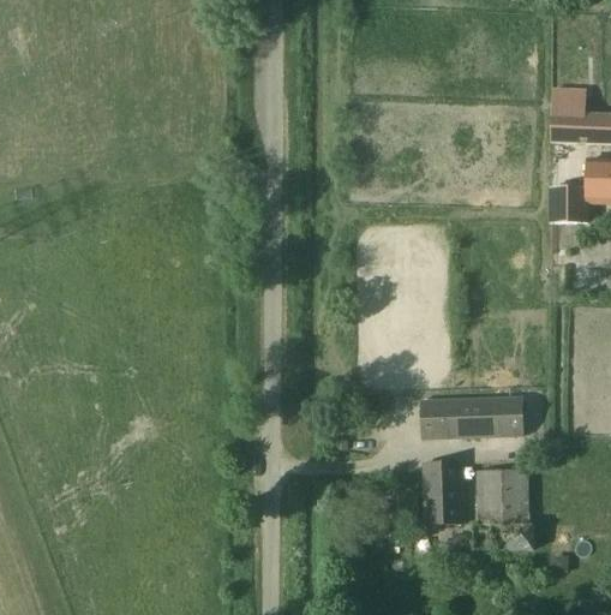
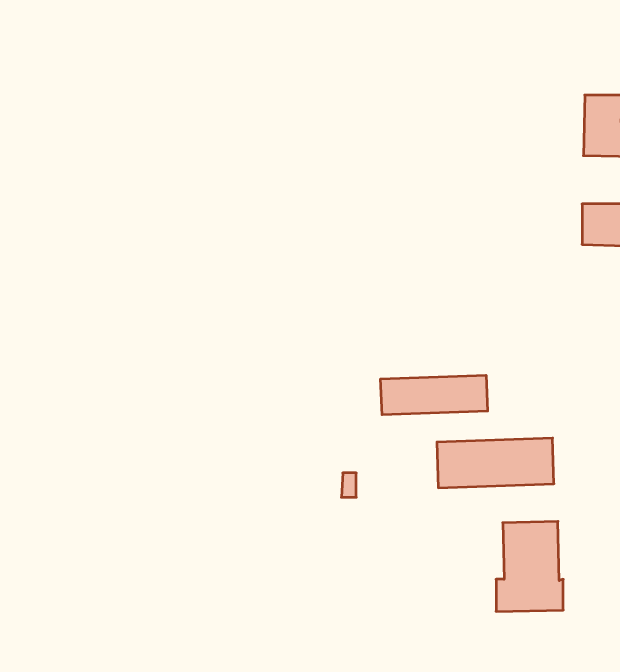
building: none -> [381,375,488,415]
building: [421,460,465,525] -> none

